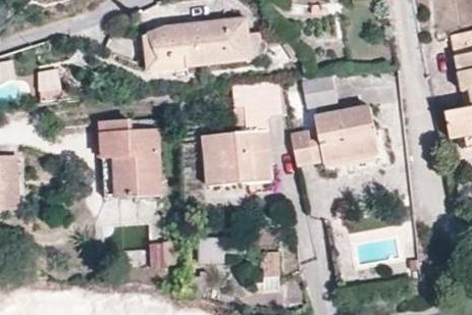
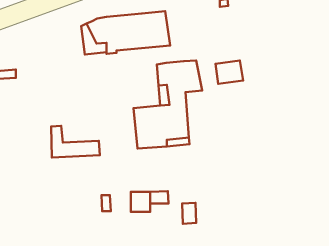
building: [293,106,379,164] -> none
building: [102,119,162,177] -> none

